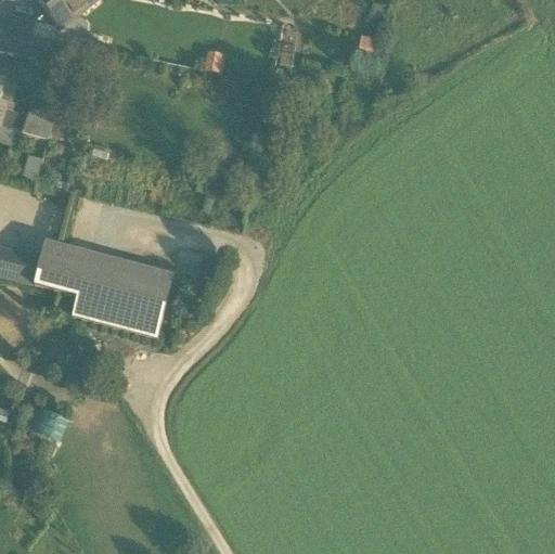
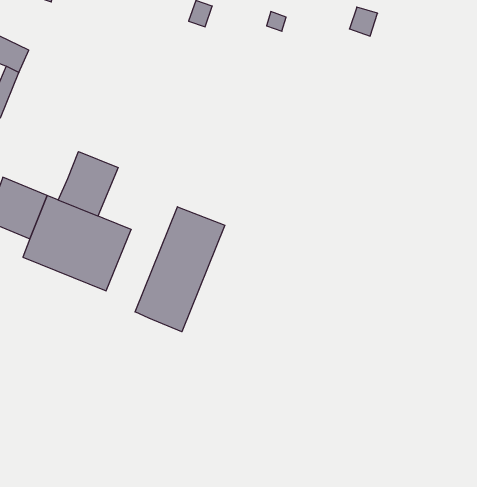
building: none -> [58,152,118,216]
building: none -> [135,207,225,332]

